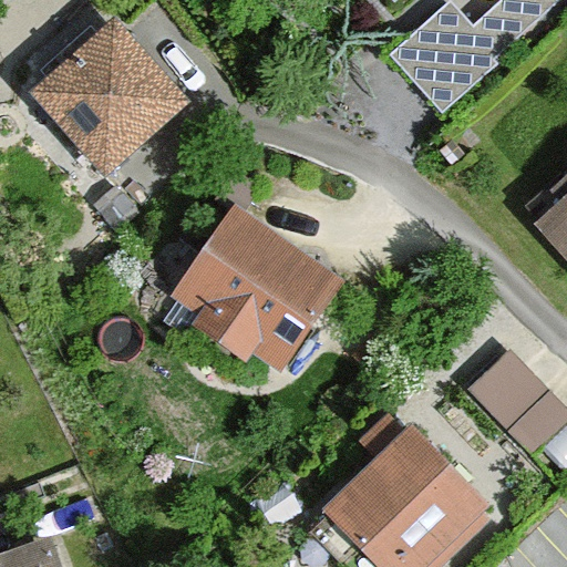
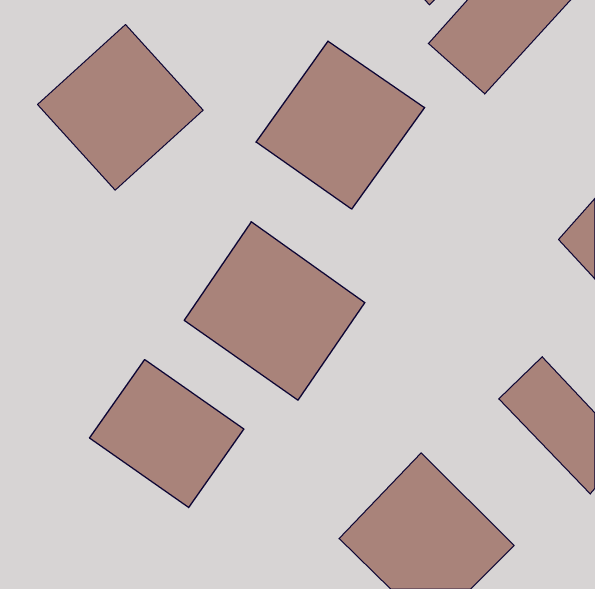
building: none -> [256,41,425,209]
building: none -> [90,360,244,508]

